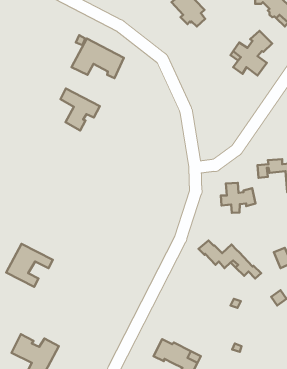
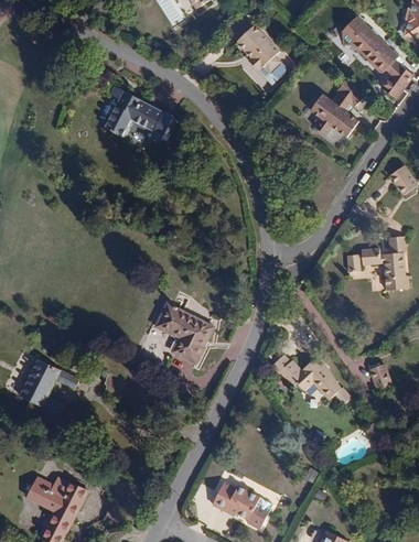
building: [60,88,100,130] -> none
building: [221,183,255,213] -> none
building: none -> [152,300,215,364]

